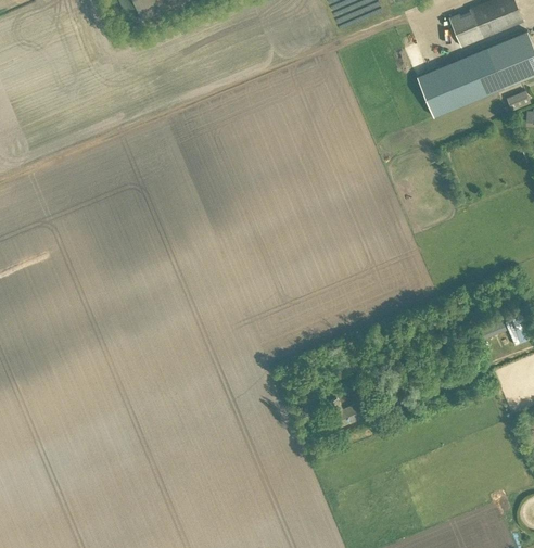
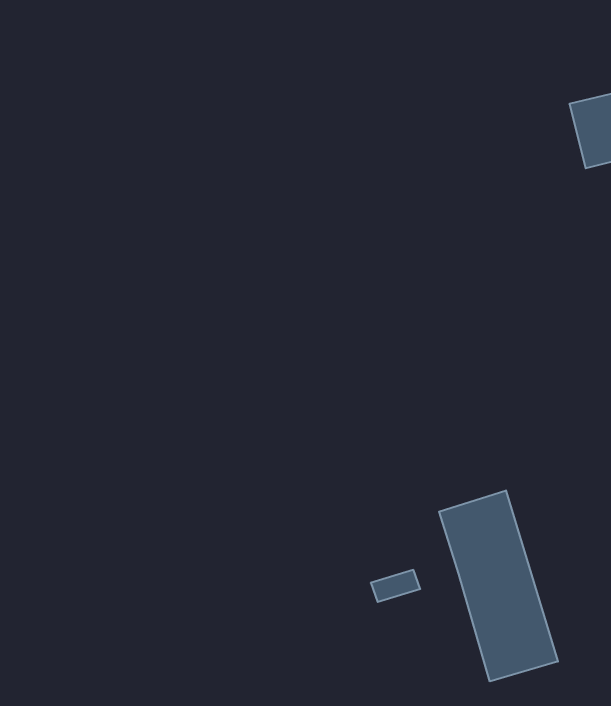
building: none -> [439,490,558,681]

